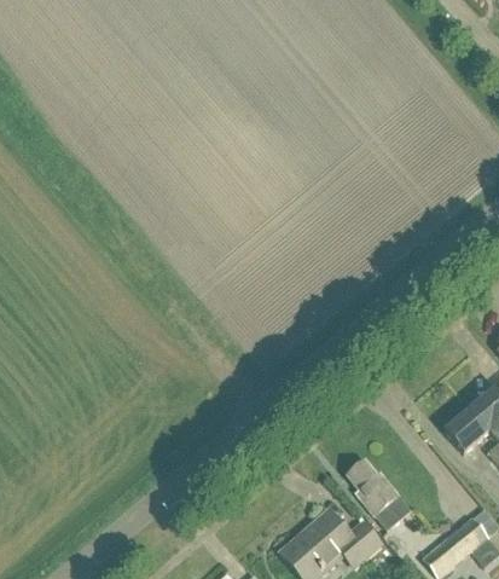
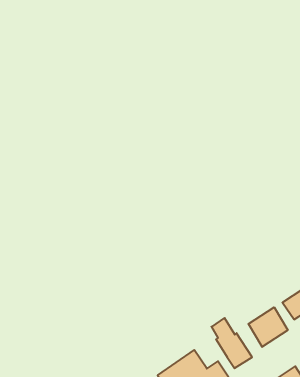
building: none -> [248,307,288,347]

